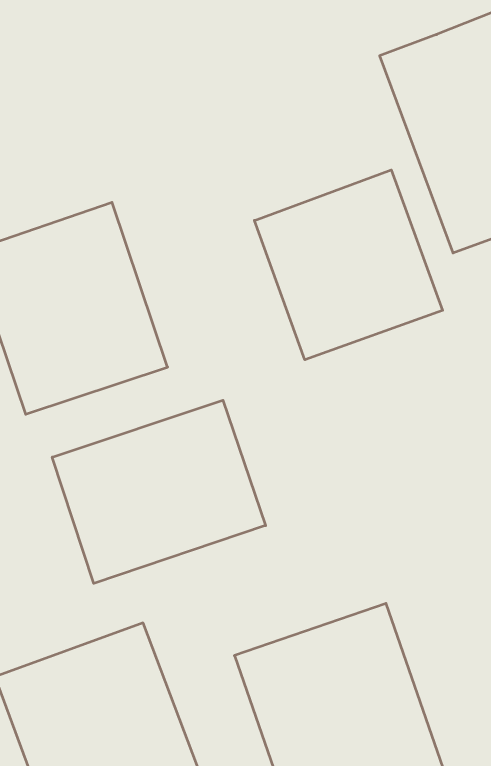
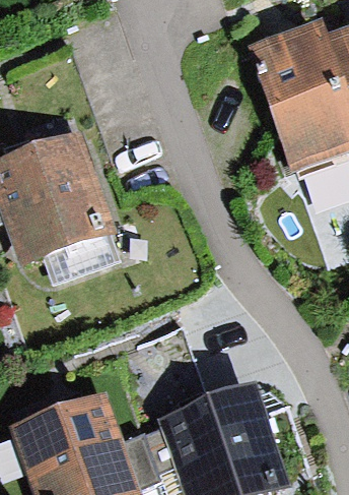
building: [254,170,443,360] -> none
building: [52,400,266,583] -> none

